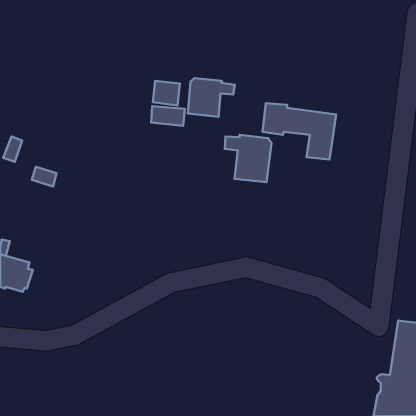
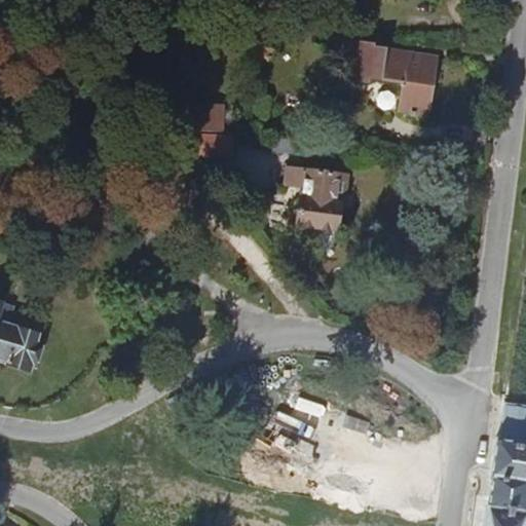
building: [188,78,235,117] -> none
building: [263,103,336,159] -> [347,41,440,112]

